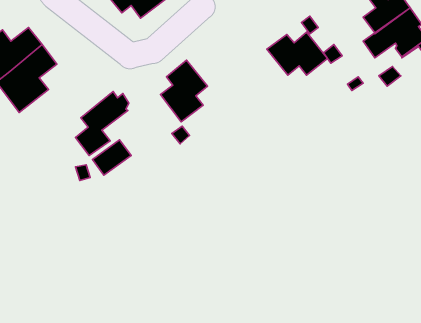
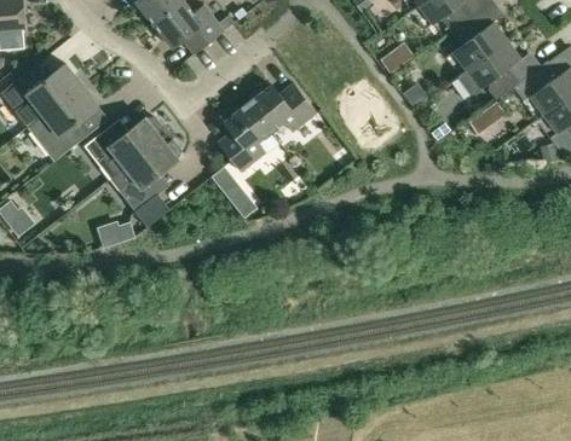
building: [267,32,327,75] -> [248,82,318,132]
building: none -> [86,117,165,168]

